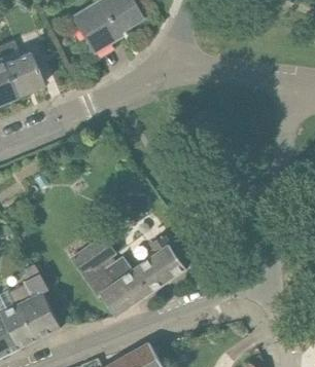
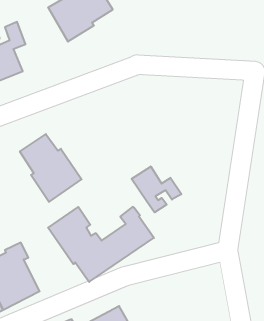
building: none -> [20,134,82,202]
building: none -> [132,166,181,212]

